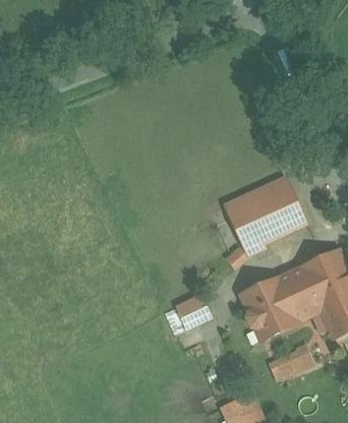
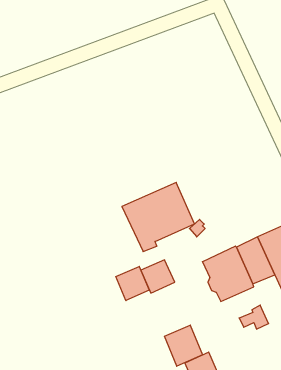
building: [225,179,305,255] -> [122,182,195,252]
building: none -> [116,266,149,301]
building: none -> [164,325,203,366]

